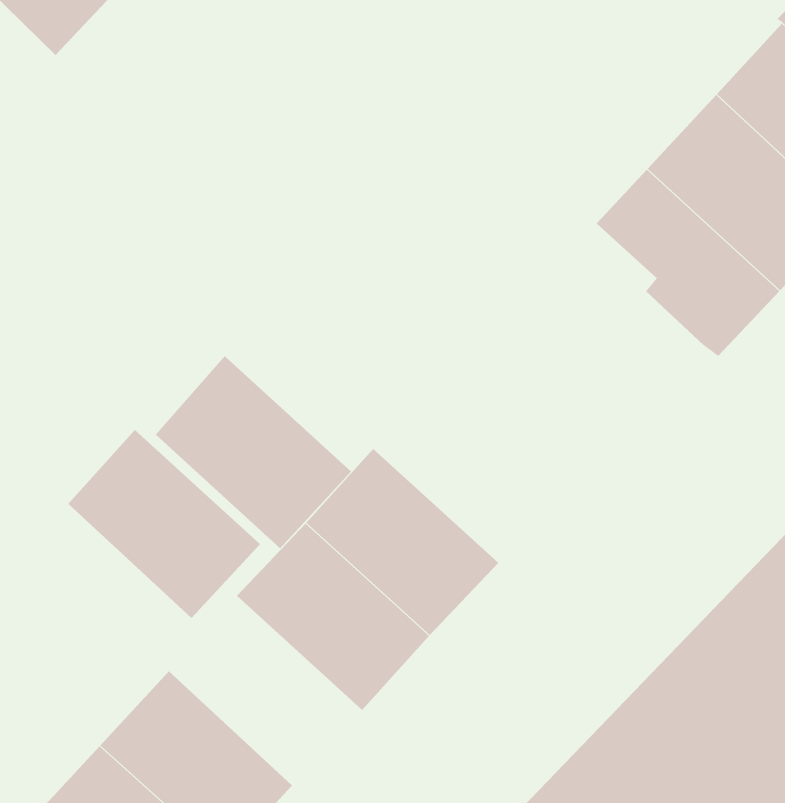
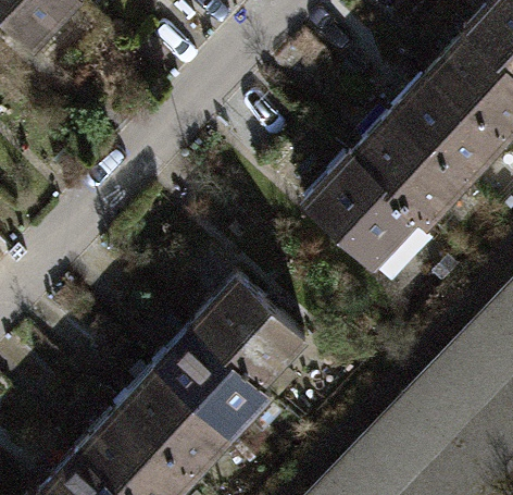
building: none -> [308,145,424,267]
building: [155,355,352,549] -> none
building: [67,429,261,619] -> [105,370,221,483]

